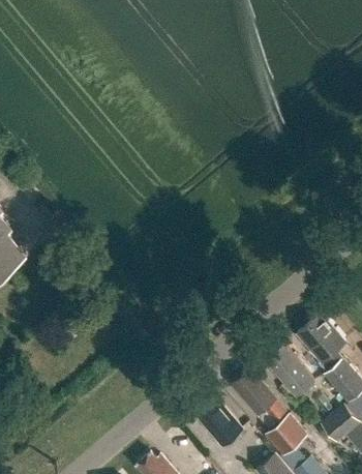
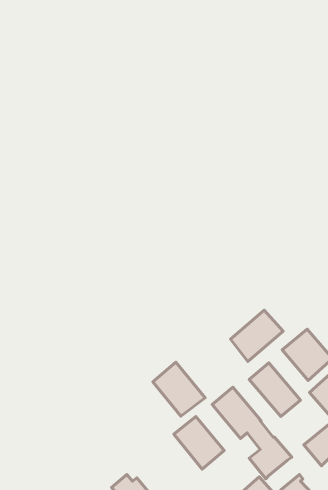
building: none -> [230,310,283,361]
building: none -> [153,362,205,416]

